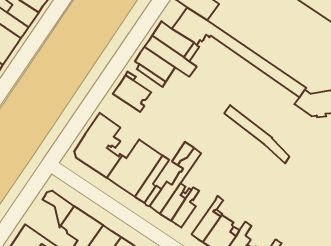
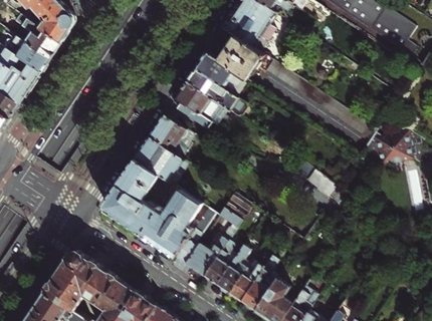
building: none -> [133,136,187,185]
building: none -> [228,258,267,301]
building: none -> [45,260,85,309]

